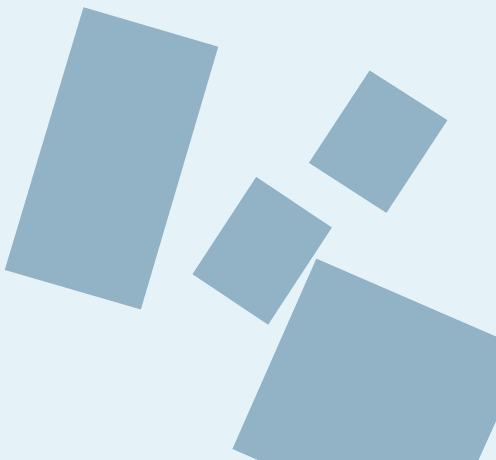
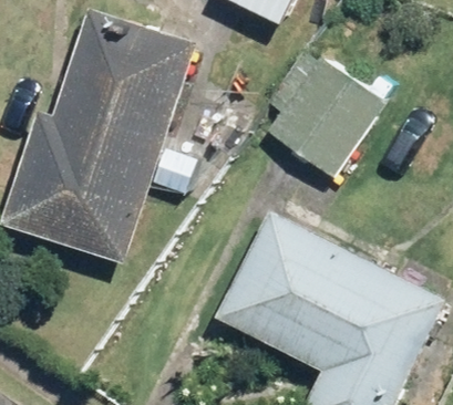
building: [191,176,333,326] -> none

